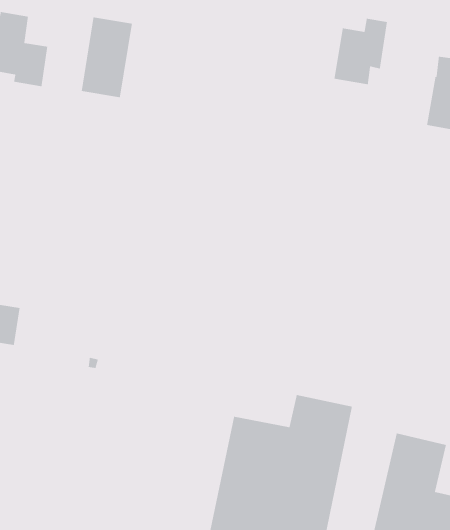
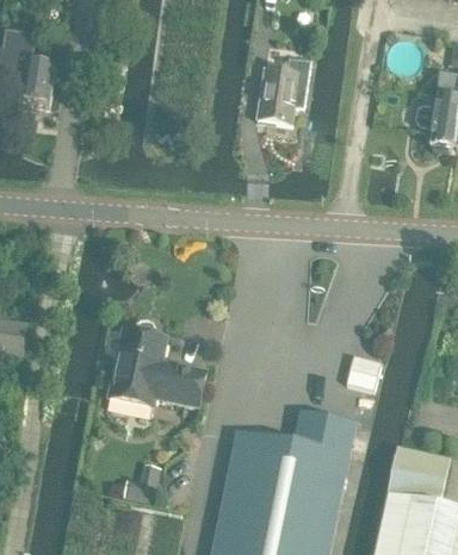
building: [81,16,133,98] -> none
building: [334,18,388,85] -> [258,57,311,124]
building: none -> [109,320,206,406]

